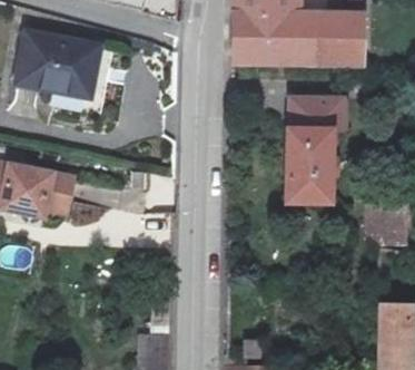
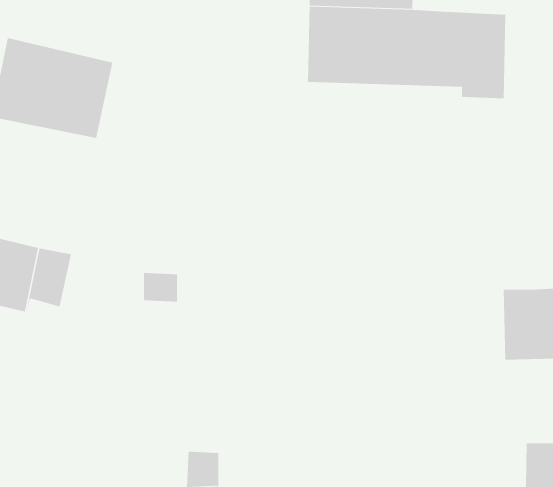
building: [286,95,347,203] -> none

